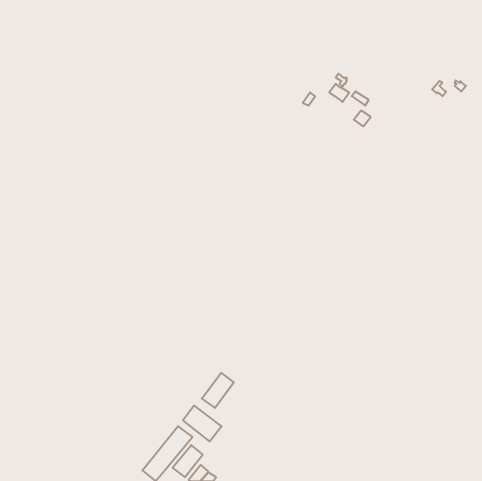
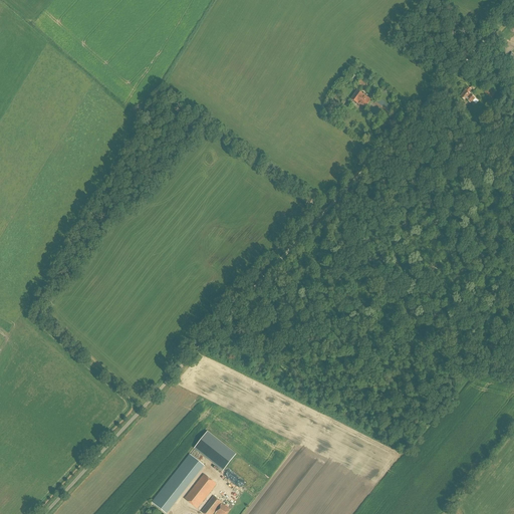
building: [202,373,234,408] -> none

